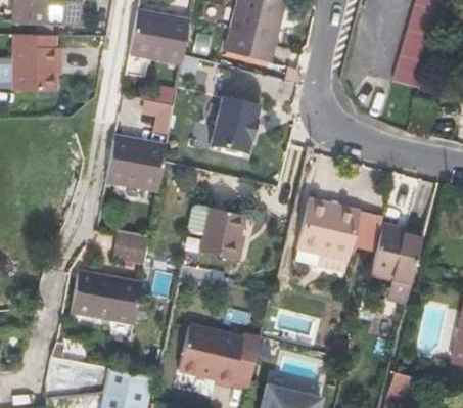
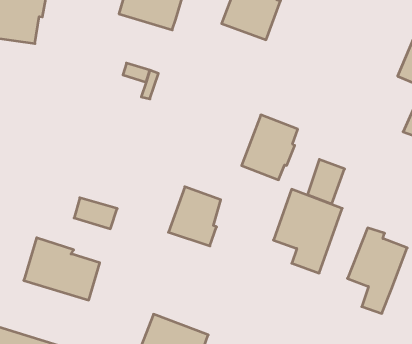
building: [210,94,258,152] -> [242,115,298,180]
building: [105,139,165,189] -> none
building: [351,210,382,250] -> [307,159,345,204]

